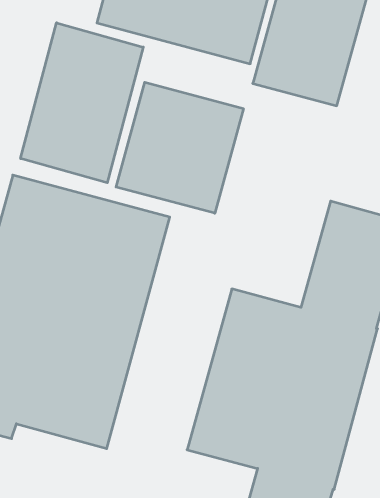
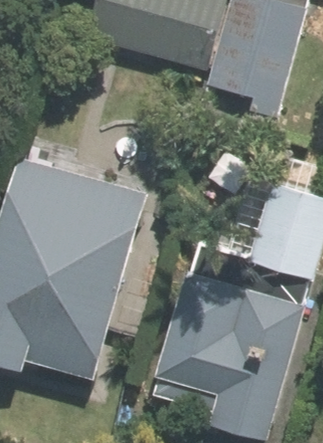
building: [21,23,143,183] -> none
building: [116,82,243,213] -> none

